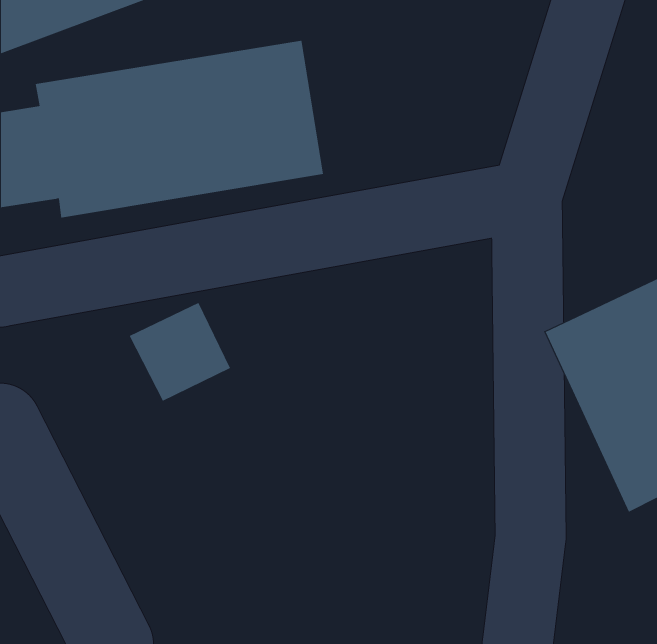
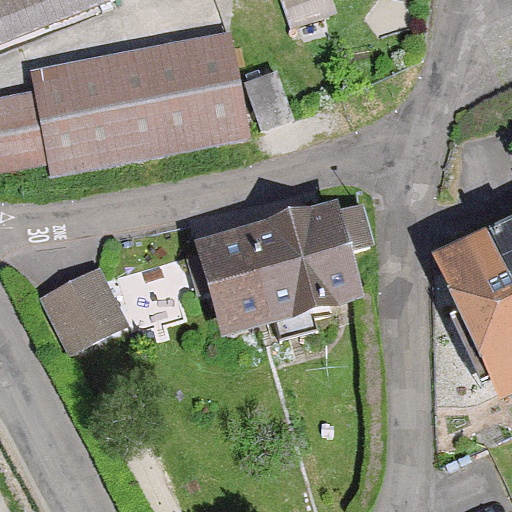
building: none -> [196,198,377,338]
building: [129,302,231,402] -> [43,269,122,346]

